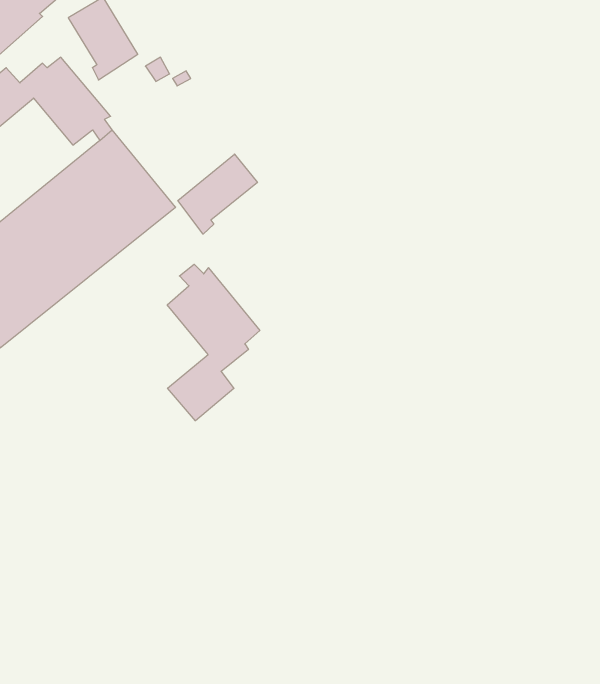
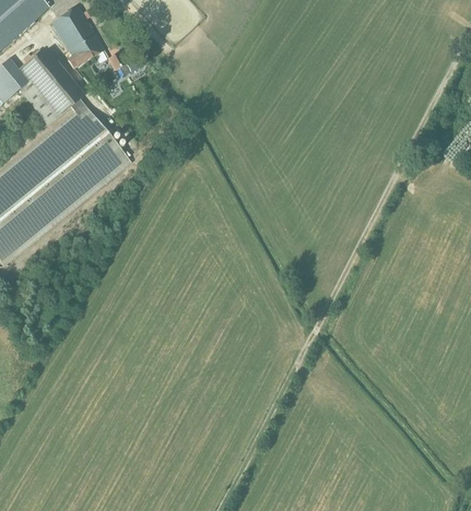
building: [178,154,257,234] -> none
building: [167,264,260,421] -> none

